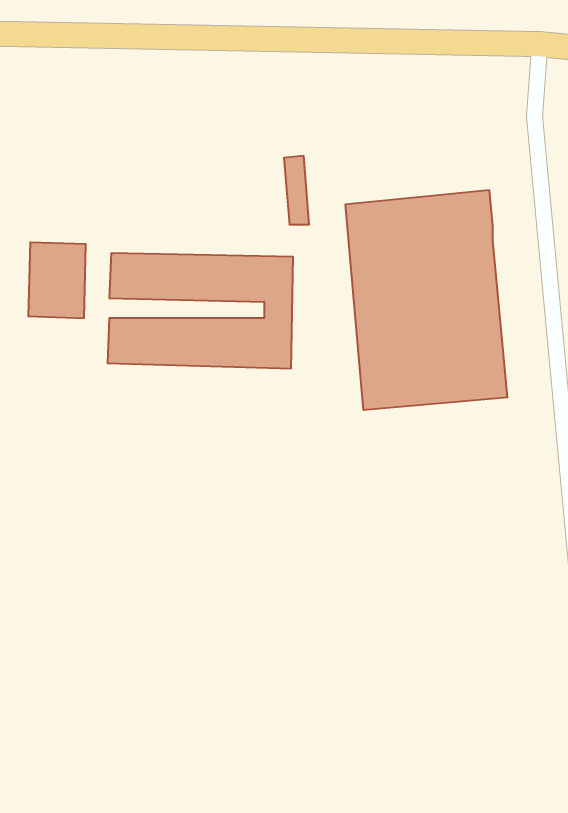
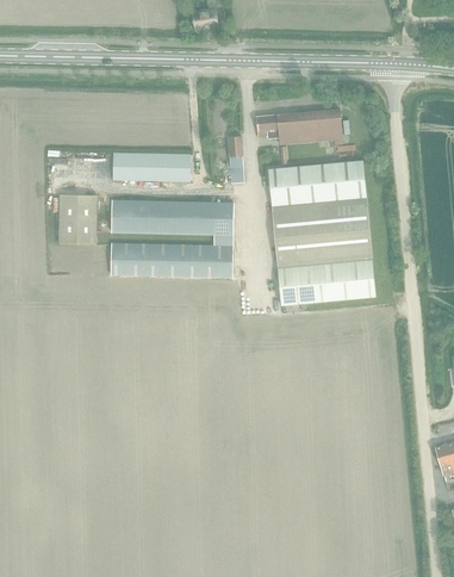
building: none -> [256,107,342,144]
building: none -> [113,153,191,180]

